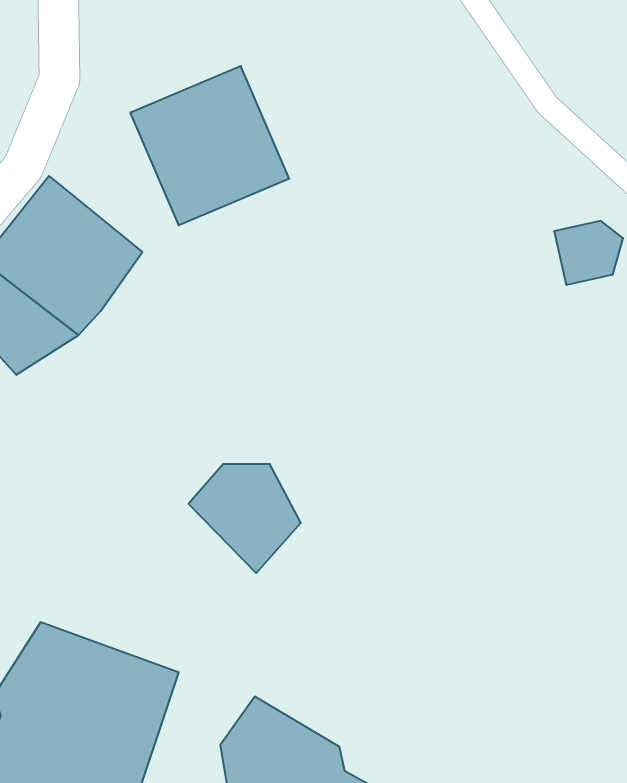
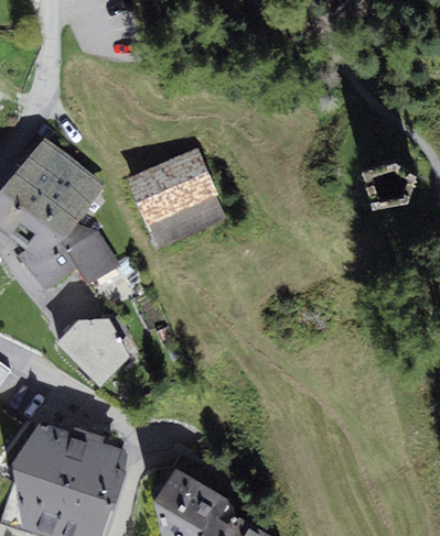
building: [130,66,289,225] -> [126,149,227,250]
building: none -> [24,223,121,292]
building: [189,464,301,573] -> [57,319,129,389]

